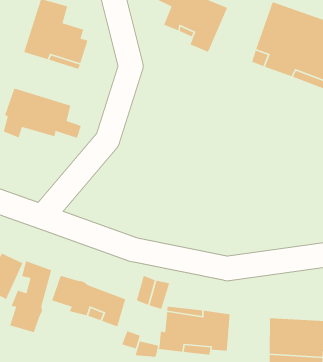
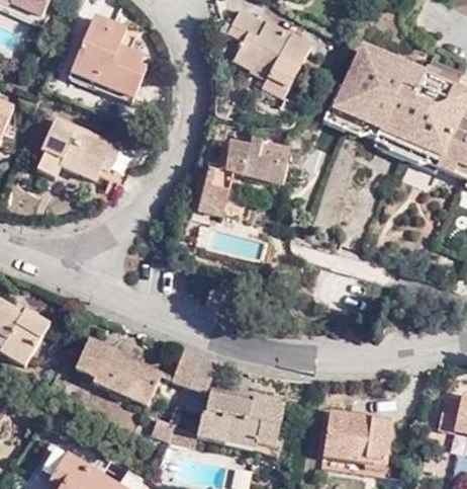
building: none -> [198,137,287,216]
building: [9,260,52,333] -> none

